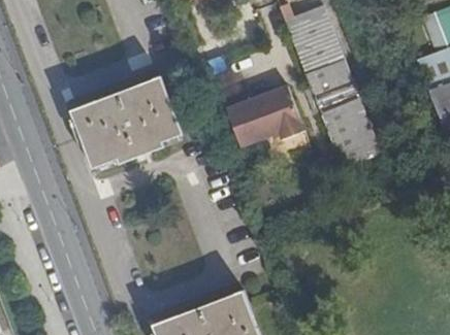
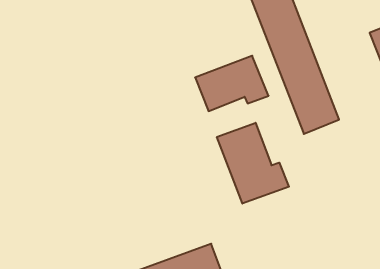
building: [71,76,182,166] -> none
building: none -> [217,123,289,204]

